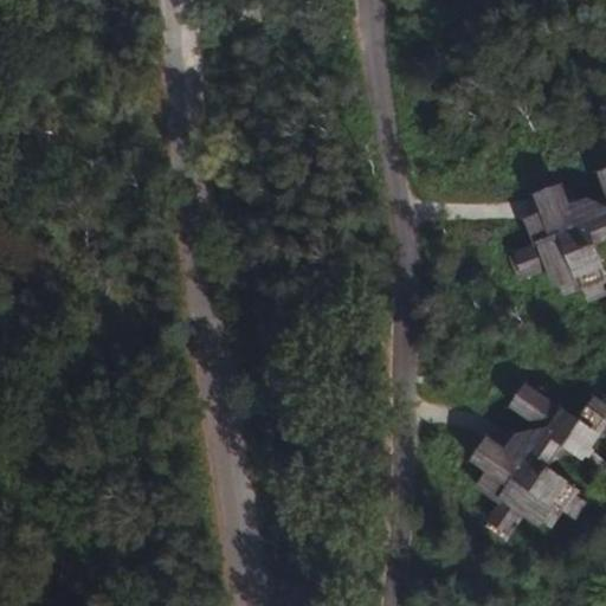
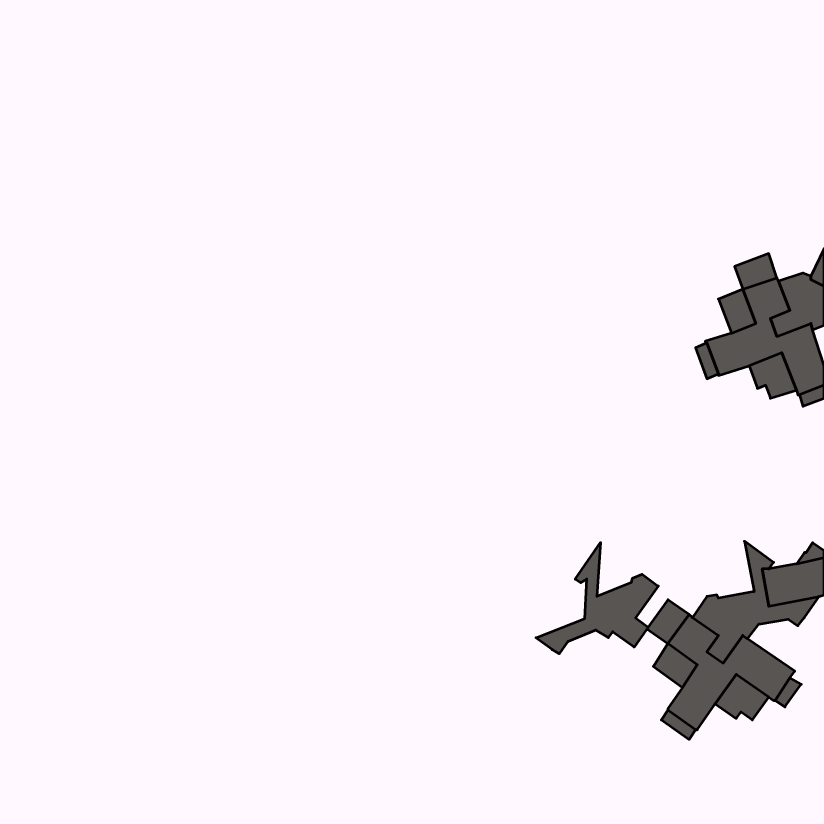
building: [515,386,549,436] -> none
building: none -> [536,543,658,654]

